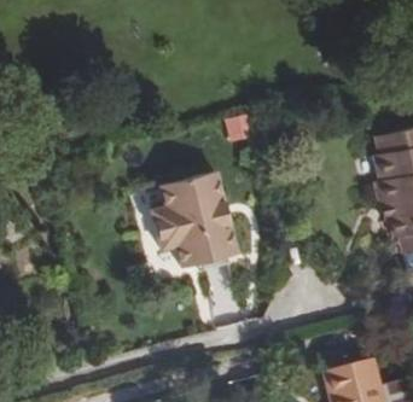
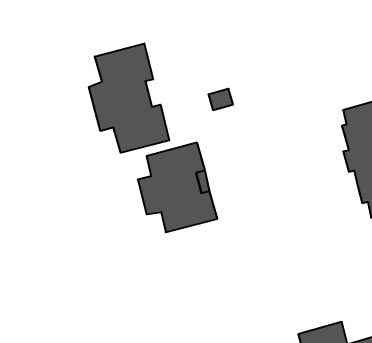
building: none -> [89,43,169,153]

